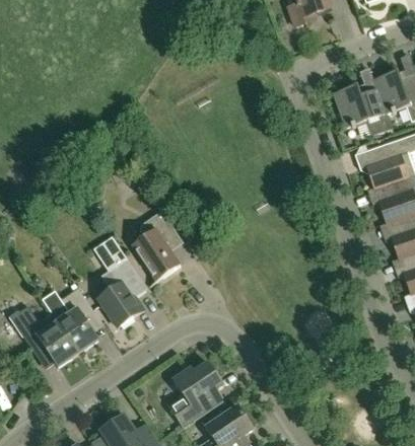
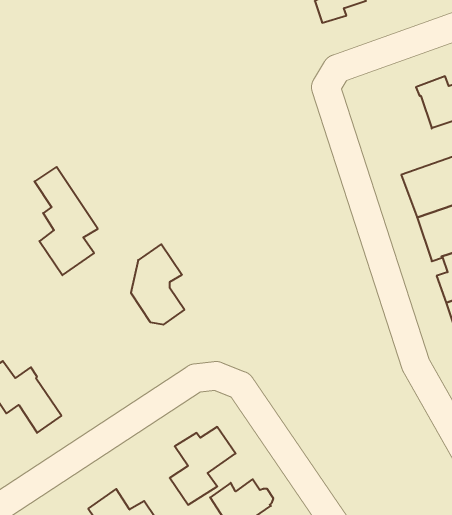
building: [333,84,392,136] -> none
building: [93,236,146,326] -> [34,167,98,275]
building: [56,287,97,353] -> none

